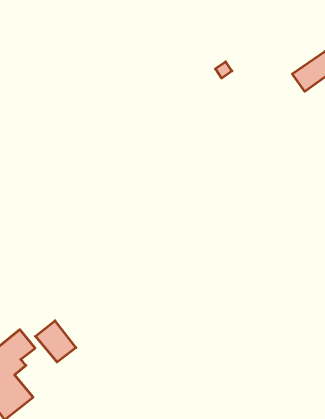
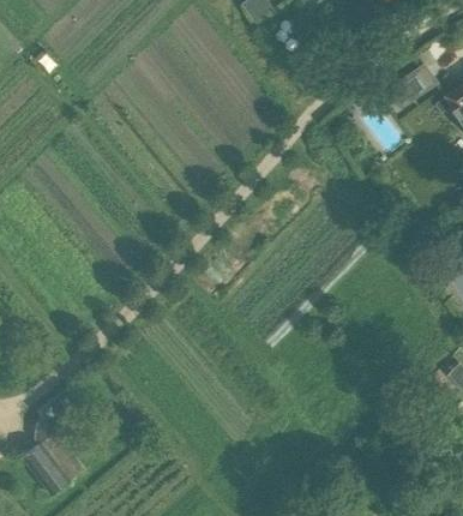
building: [35,321,76,362] -> none

